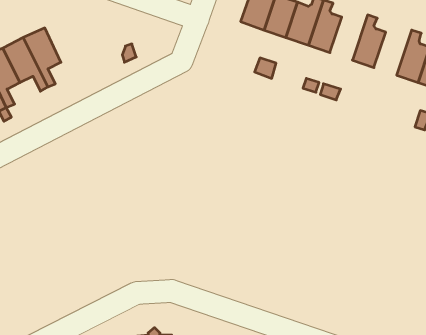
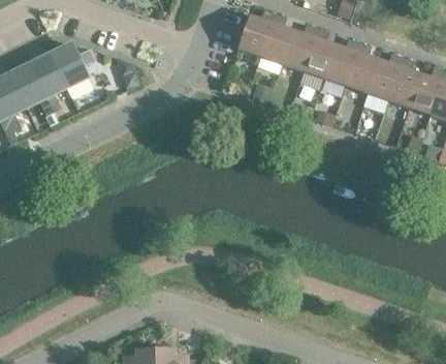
building: none -> [324,39,360,86]
building: none -> [51,44,94,88]
building: none -> [367,54,403,100]

